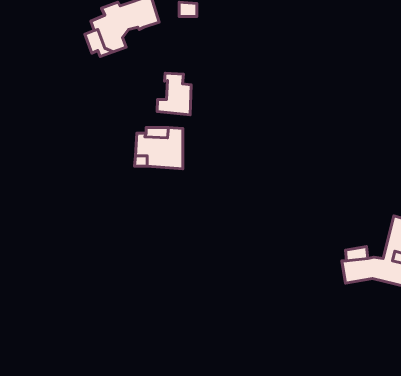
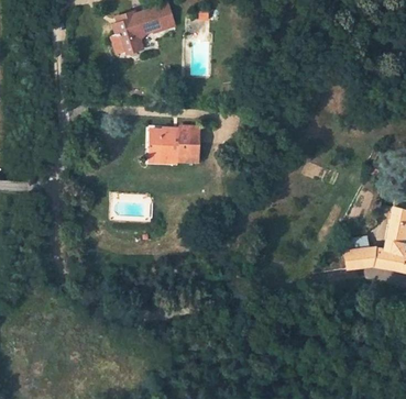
building: [157,73,191,115] -> none

